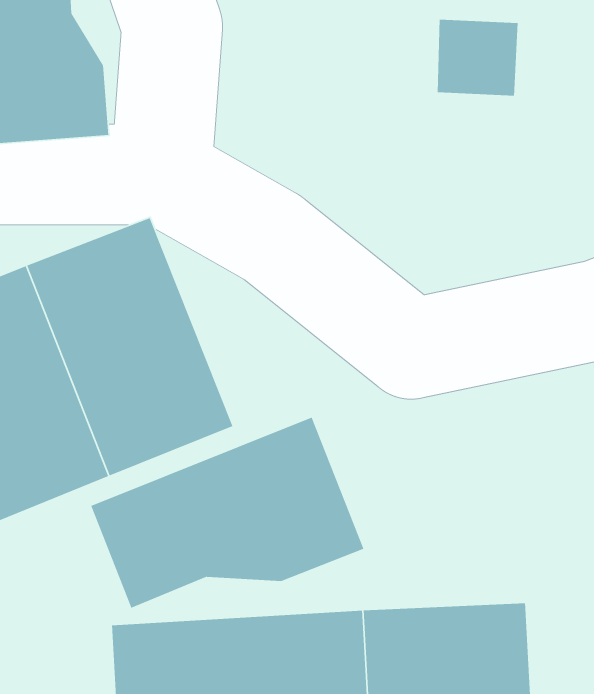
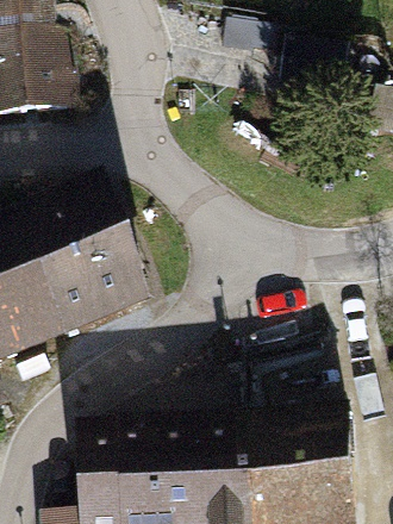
building: [90,416,365,609] -> none

